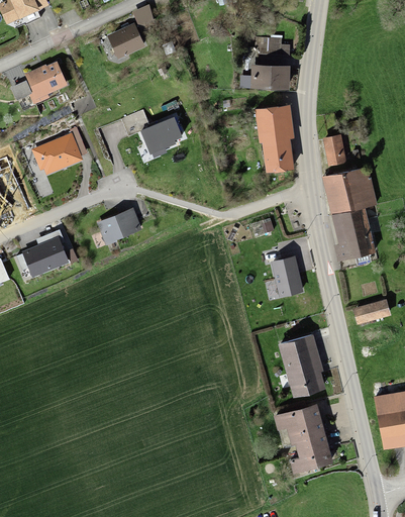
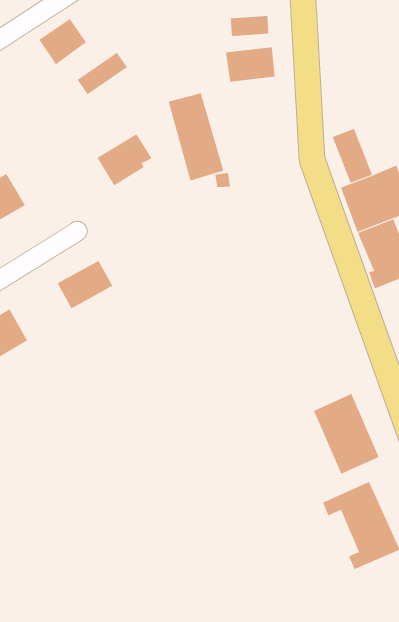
building: none -> [77,52,128,95]
building: [258,106,293,172] -> [168,93,224,181]
building: [272,254,304,297] -> none

